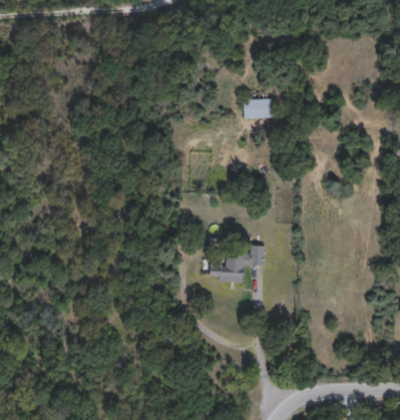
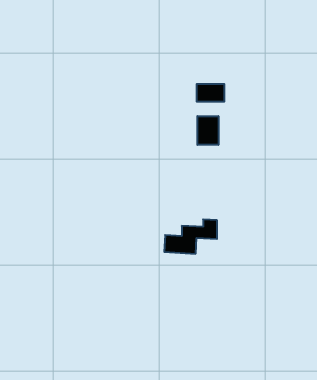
building: none -> [197,116,218,145]

